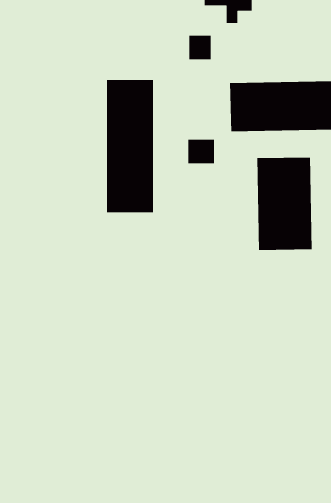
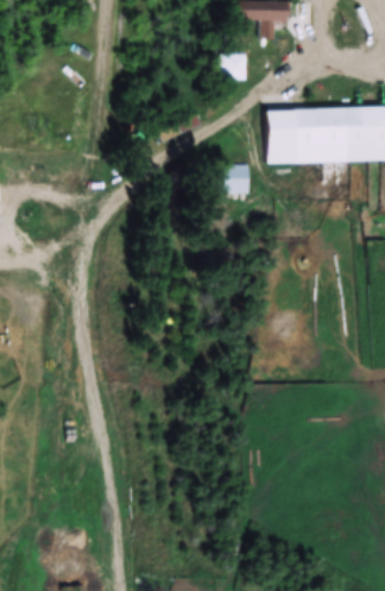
building: [106,79,154,213] -> none
building: [257,157,312,251] -> none

